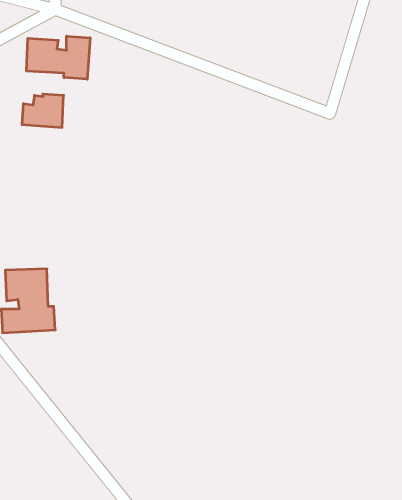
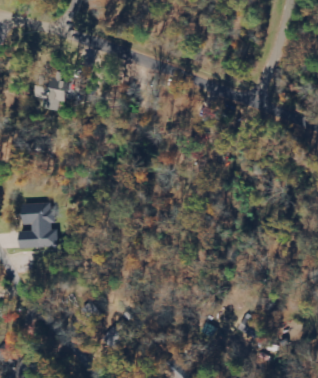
building: [27,36,90,79] -> none

